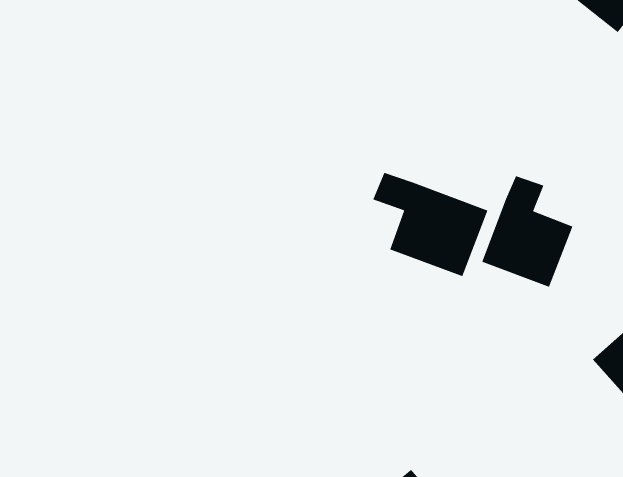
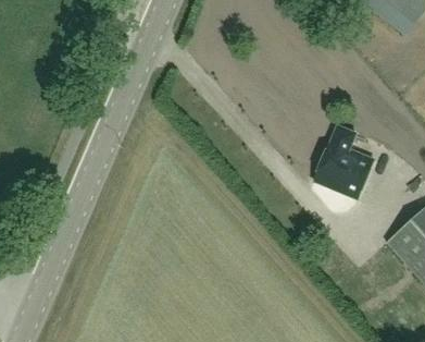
building: [372,172,488,277] -> none

